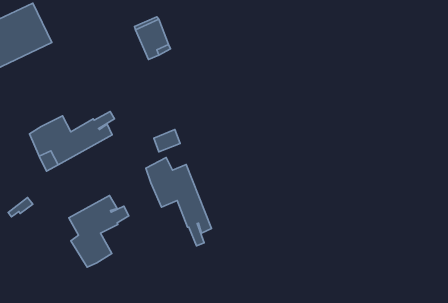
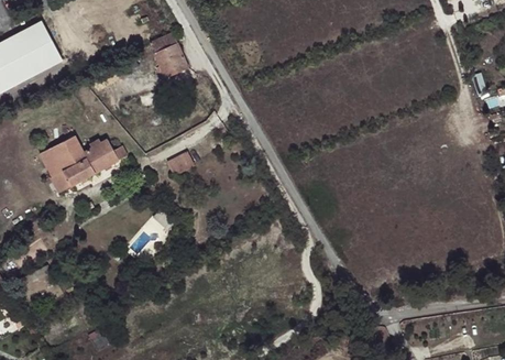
building: [146,157,212,246] -> none
building: [69,195,129,267] -> none

